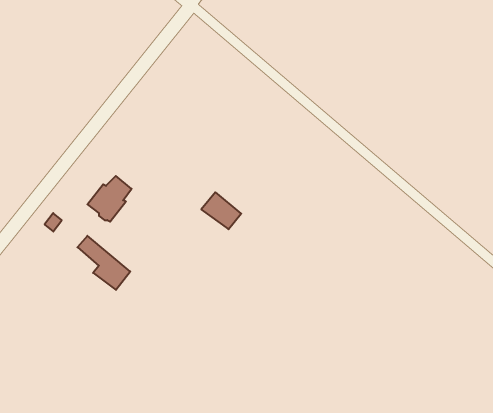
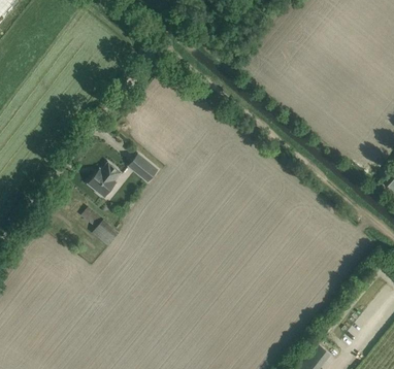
building: [201,192,241,229] -> [128,154,157,180]

